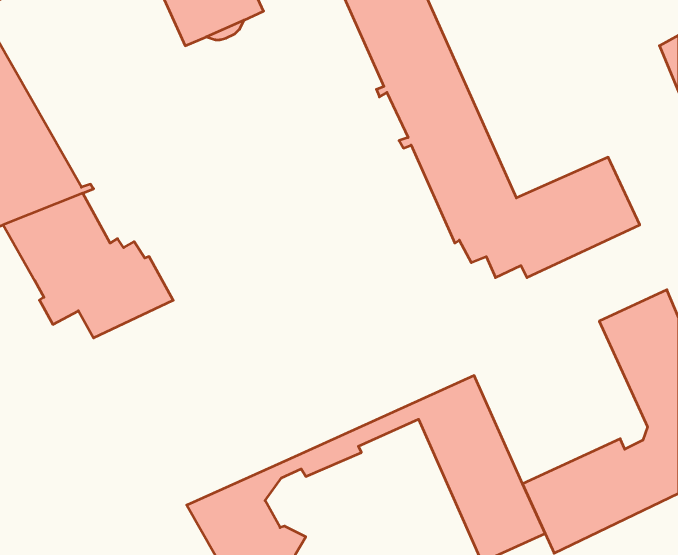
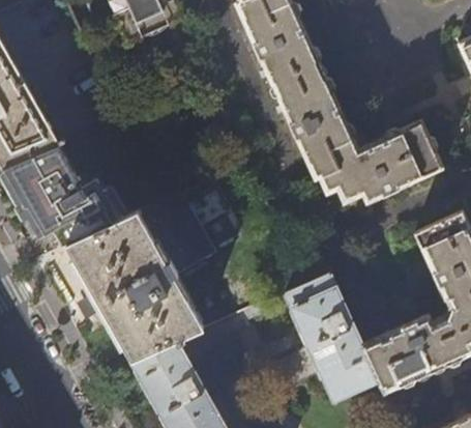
building: none -> [66,194,214,362]

